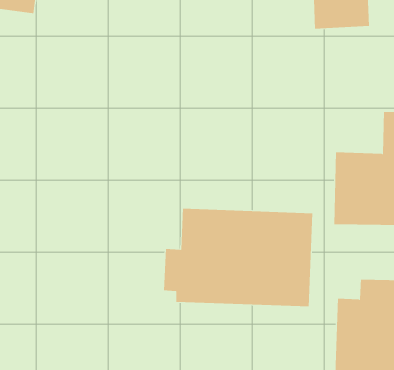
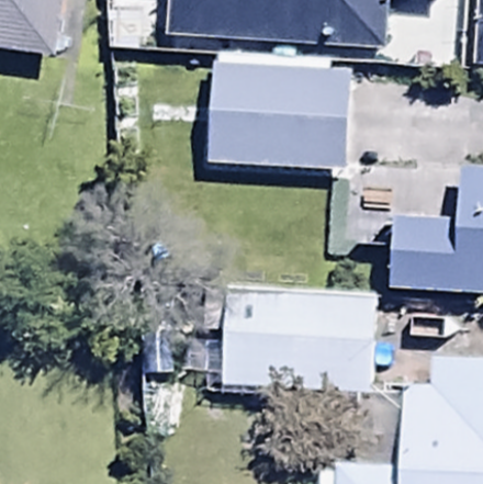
building: none -> [207,56,351,169]

